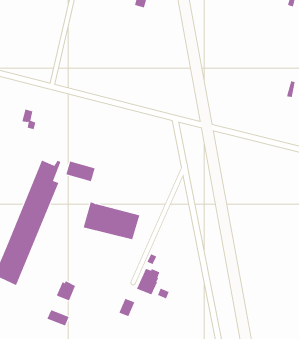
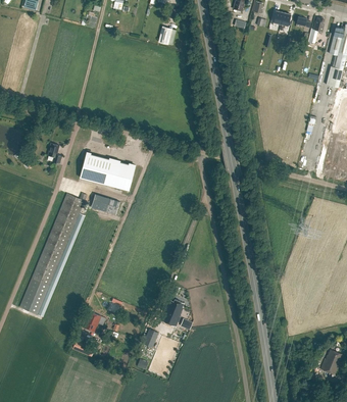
building: [83,202,140,240] -> [80,152,136,190]

